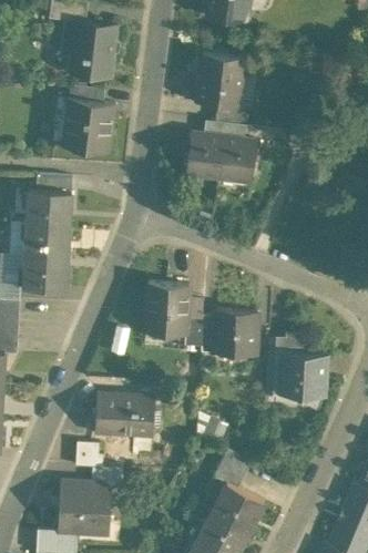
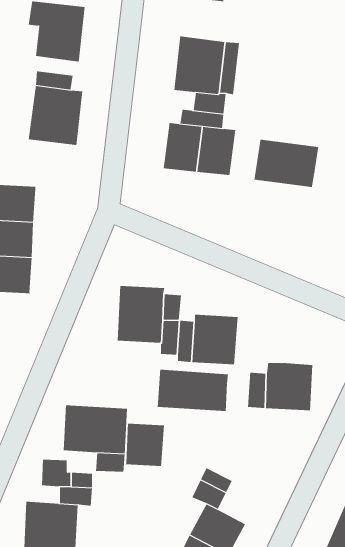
building: none -> [254,139,319,188]
building: [267,337,297,363] -> none
building: none -> [157,369,228,412]
building: none -> [125,423,164,467]

